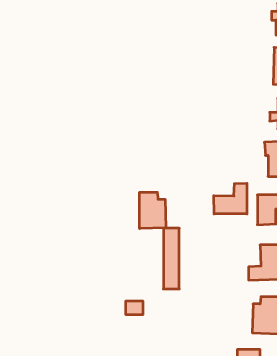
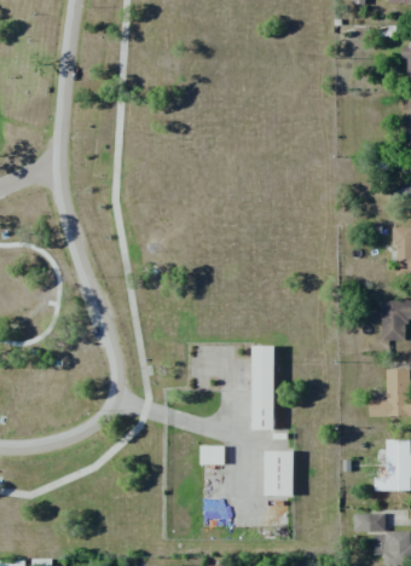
building: [214,183,247,214] -> none
building: [140,192,166,229] -> none
building: none -> [264,451,293,495]

